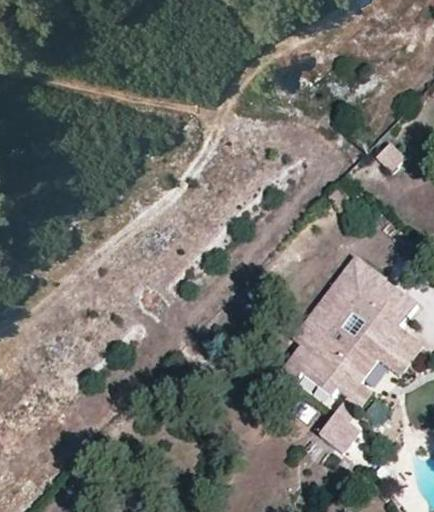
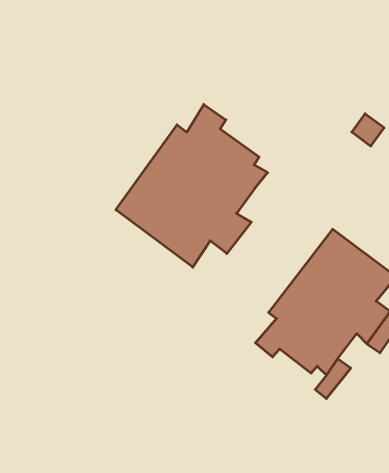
building: none -> [116,104,268,267]
building: [320,412,359,452] -> none

